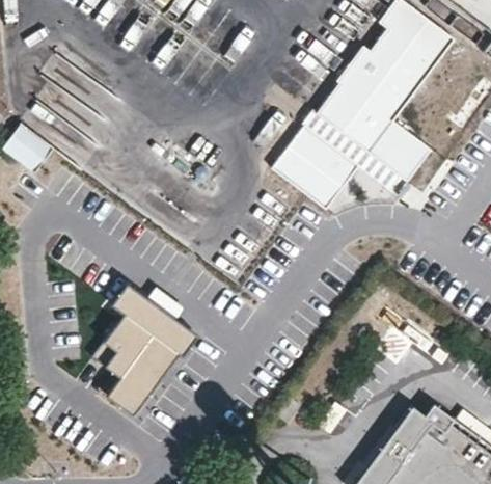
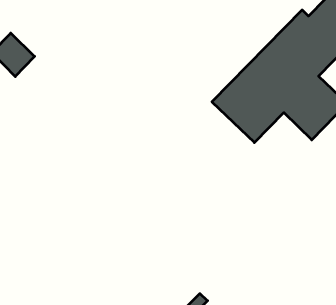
building: [107,285,199,414] -> none

